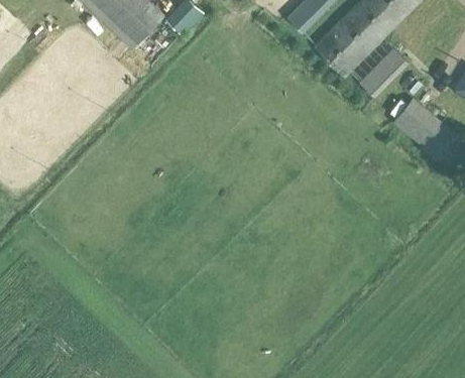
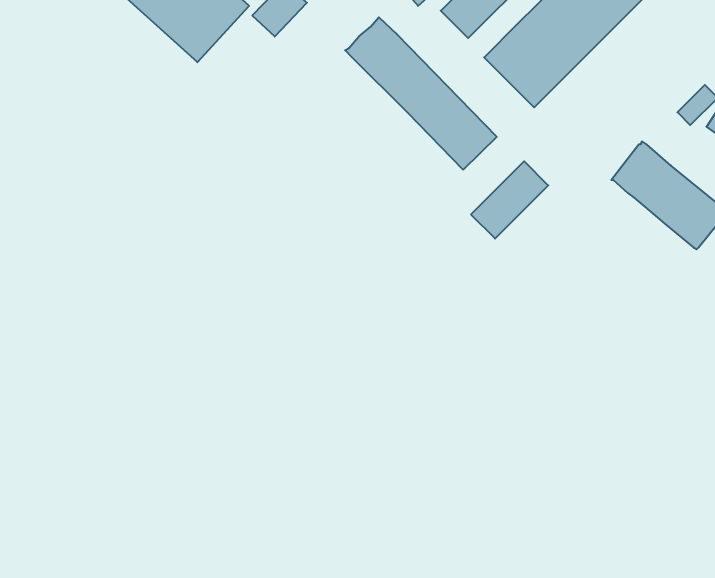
building: none -> [345,17,497,170]
building: [359,48,408,97] -> [471,161,548,239]

